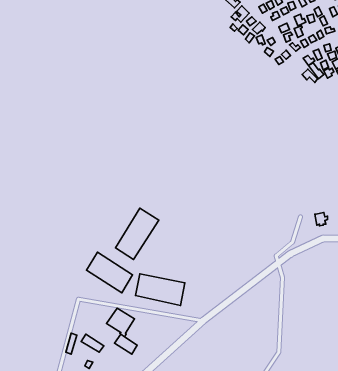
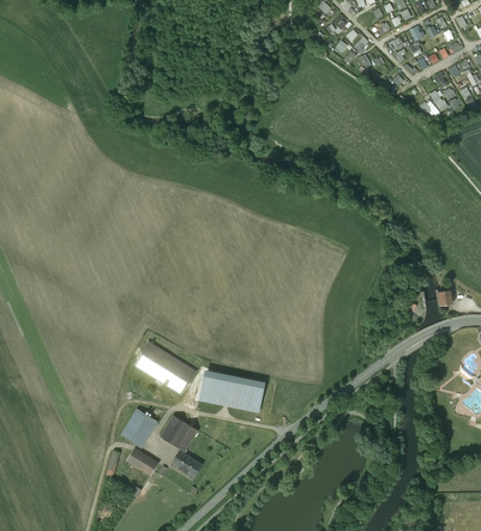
building: [115,208,159,259] -> none
building: none -> [120,409,156,448]

